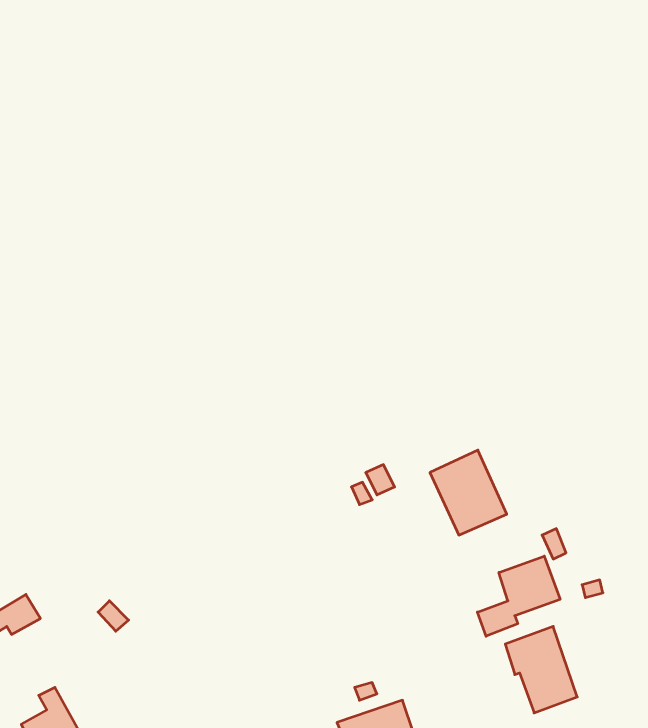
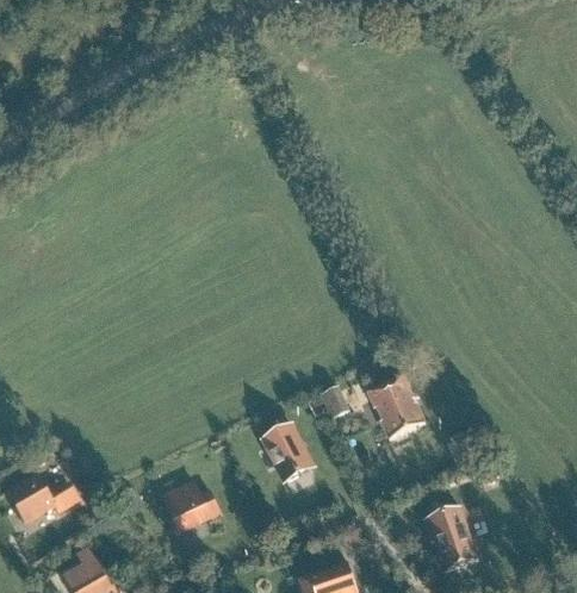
building: none -> [265,417,315,482]
building: [477,556,560,636] -> none
building: none -> [165,482,222,533]

